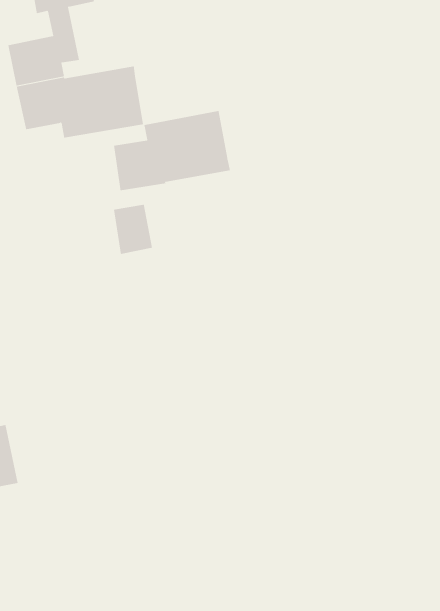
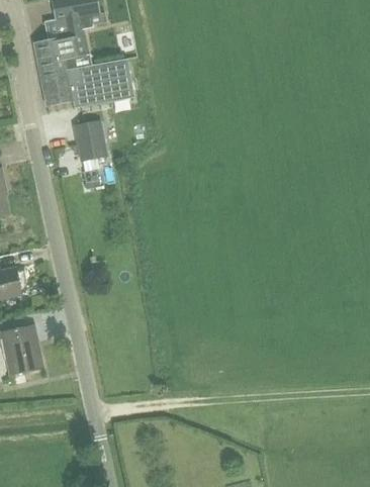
building: [113,110,231,191] -> none
building: [113,204,153,255] -> [76,122,105,160]

